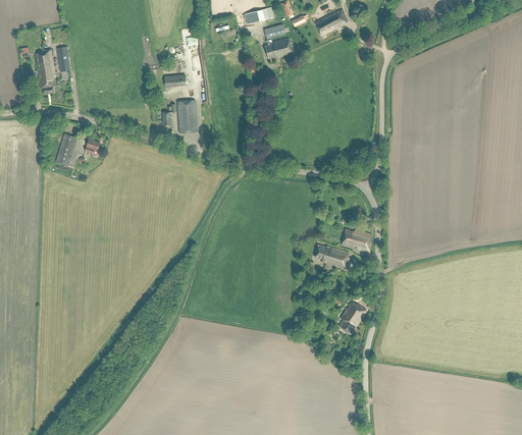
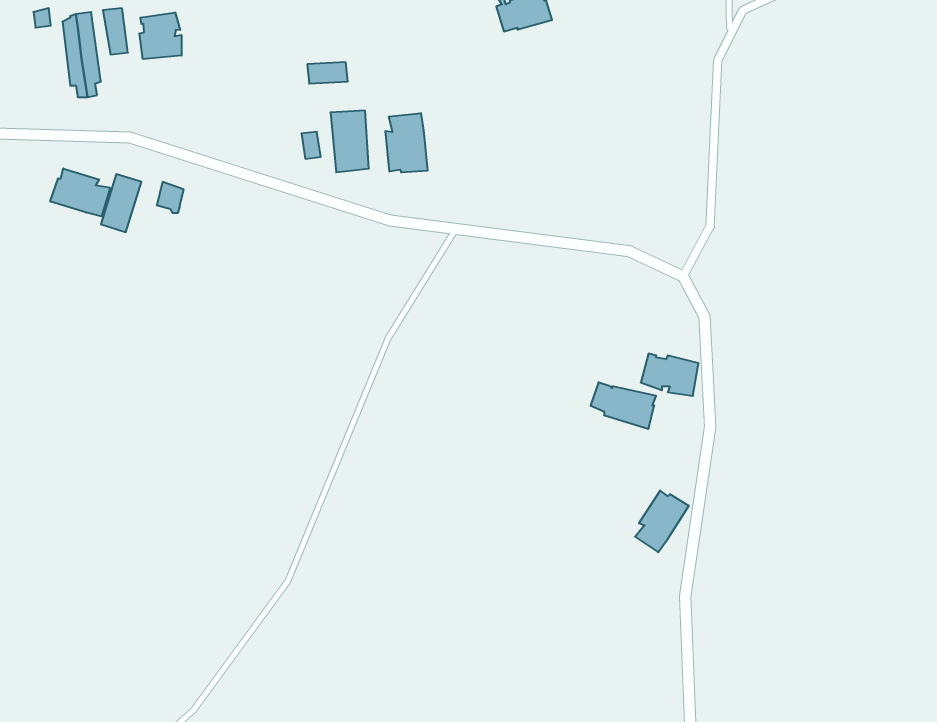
building: none -> [139,12,182,59]
building: none -> [385,113,427,173]
building: none -> [50,168,110,216]

